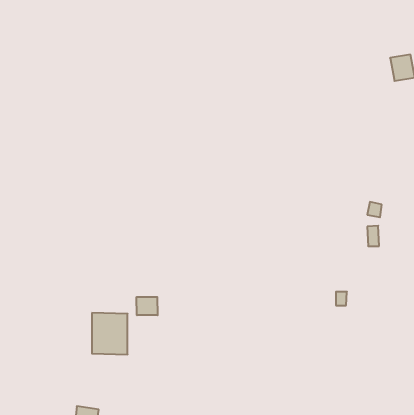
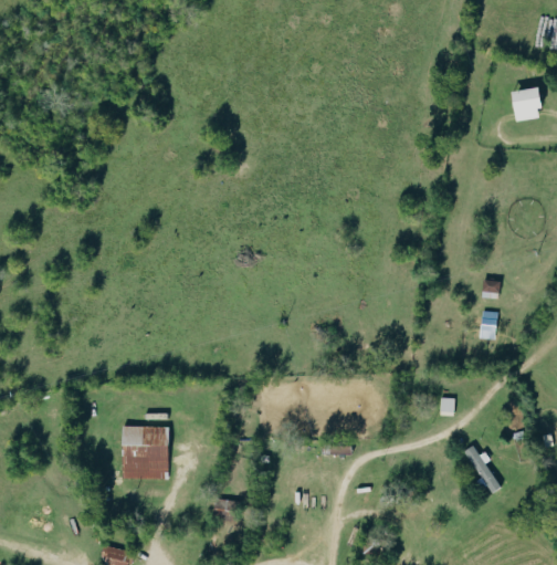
building: [137,297,158,315] -> none
building: none -> [464,444,500,492]

